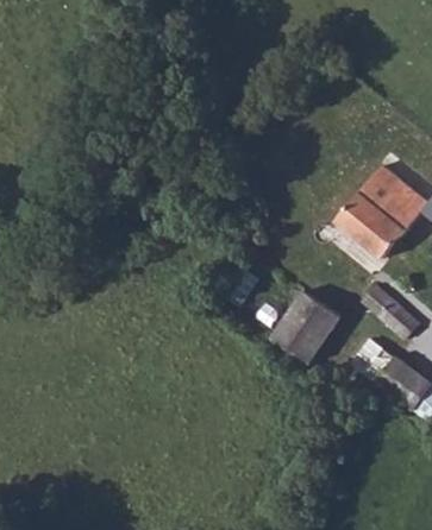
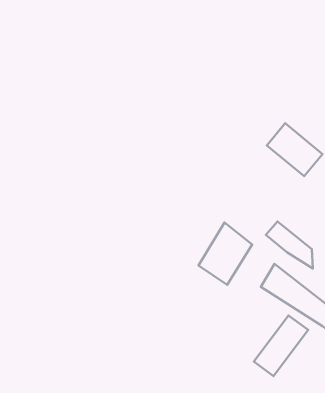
building: [336,190,405,255] -> none
building: none -> [254,315,308,376]

